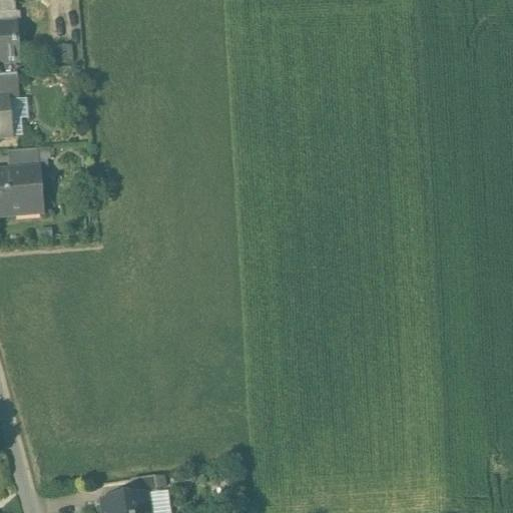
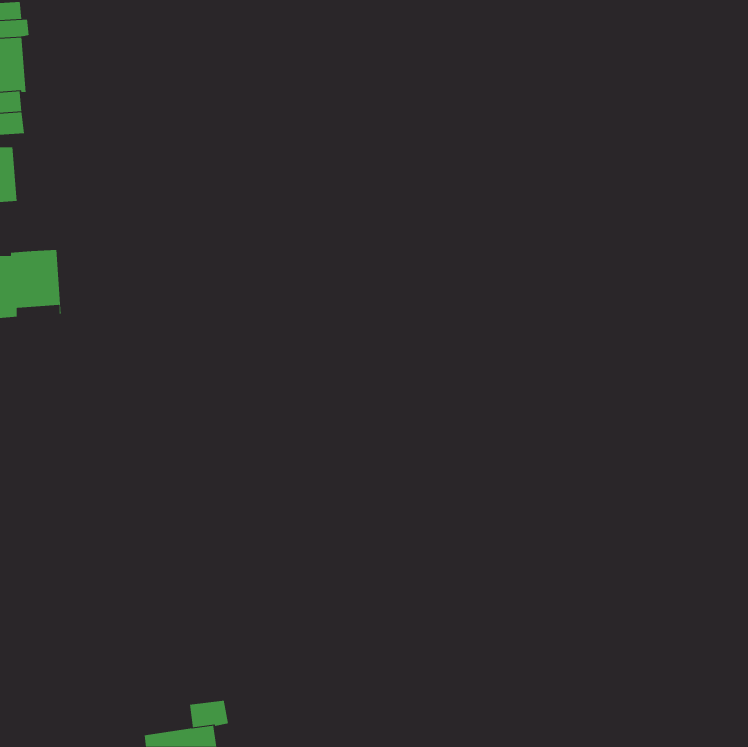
building: [6,150,38,171] -> none

